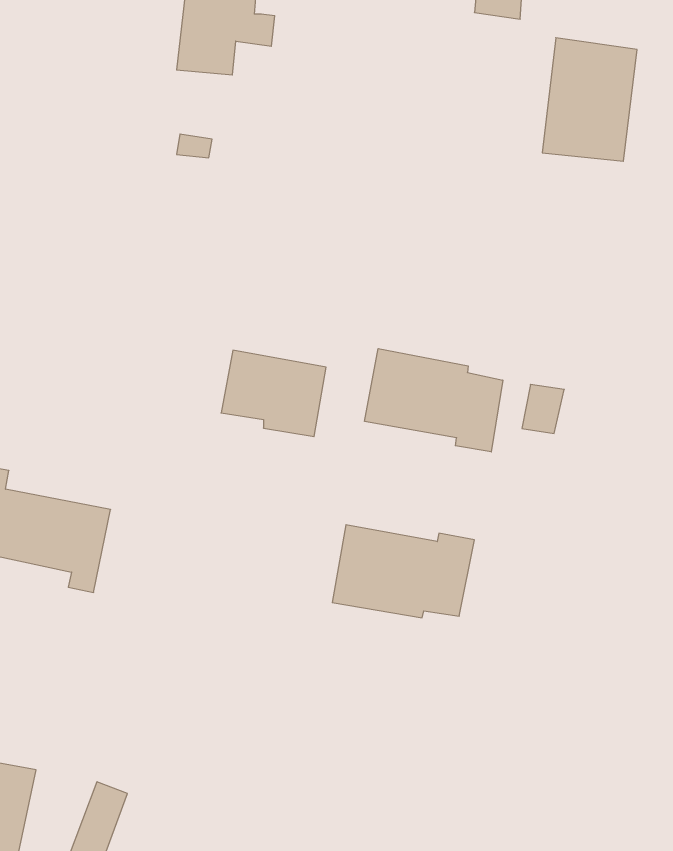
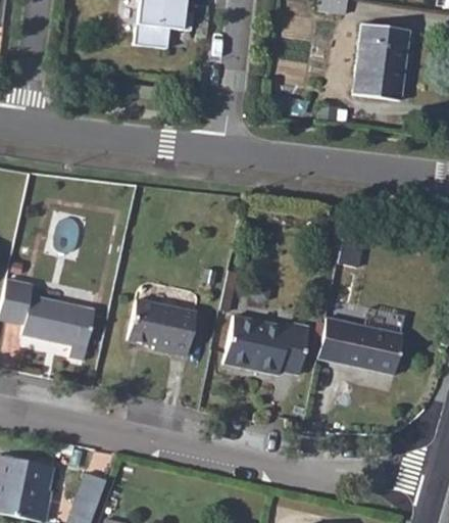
building: [365,349,503,452] -> none
building: [221,350,326,437] -> [134,306,197,359]
building: none -> [320,317,404,374]

